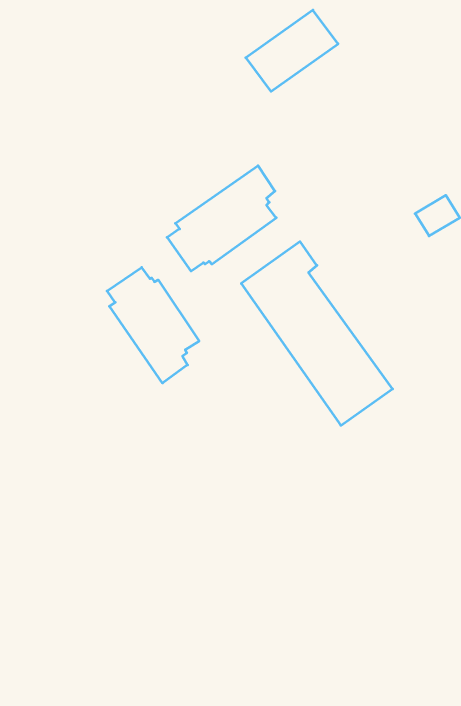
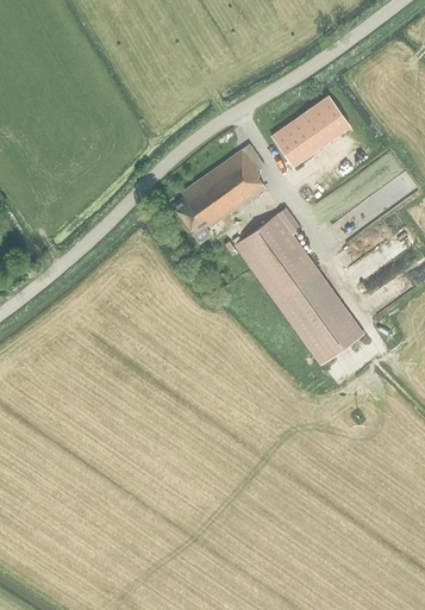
building: [246,10,338,91] -> [270,97,349,166]
building: [107,267,199,383] -> none

